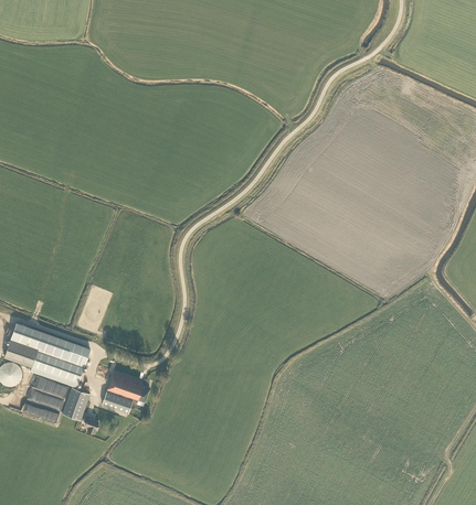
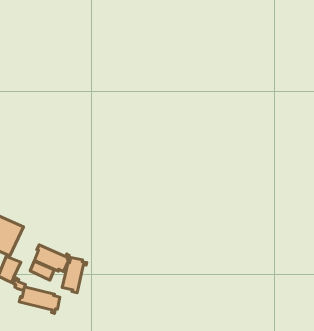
building: none -> [62,258,87,293]
building: none -> [19,287,60,313]

